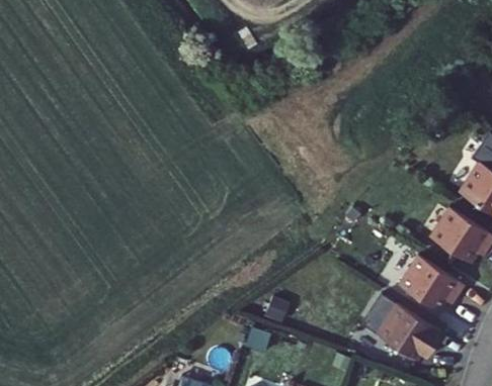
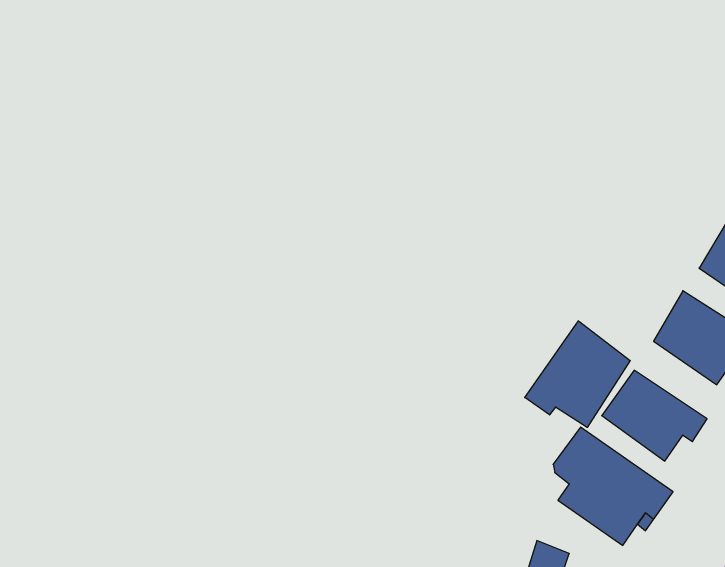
building: none -> [525,321,630,427]

